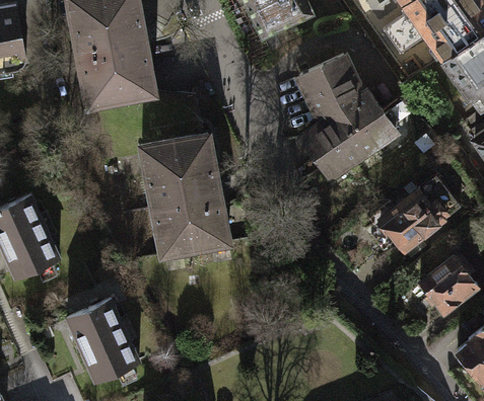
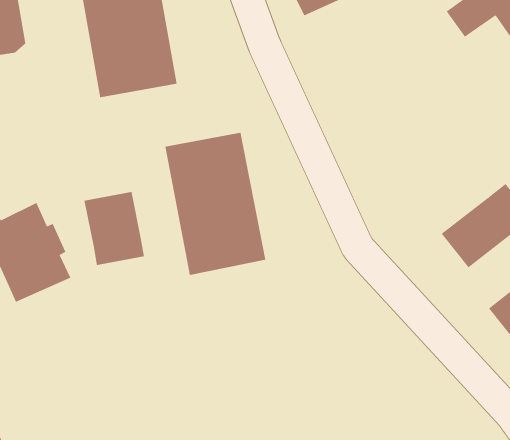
building: [300,56,396,177] -> none
building: none -> [84,191,145,266]
building: [66,298,142,384] -> none

